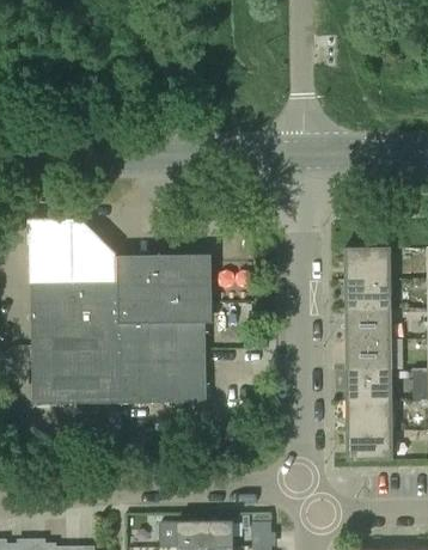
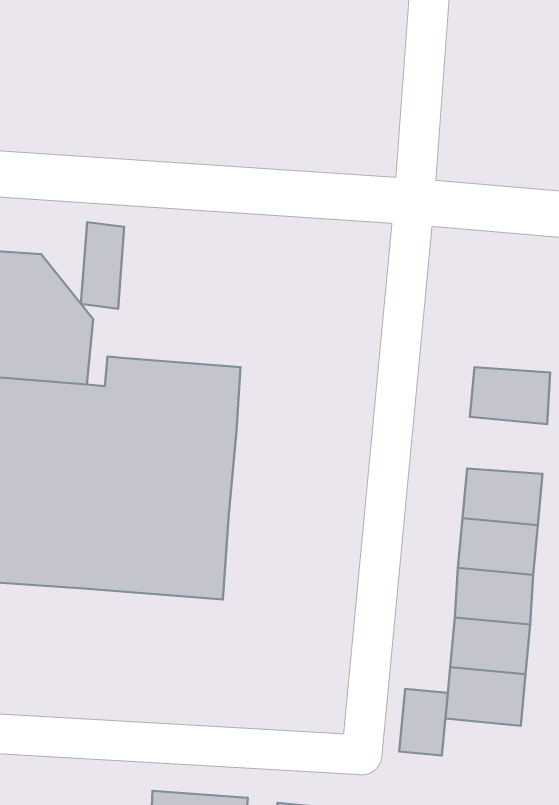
building: none -> [81,222,124,309]
building: [344,280,391,311] -> none
building: none -> [399,689,448,756]

